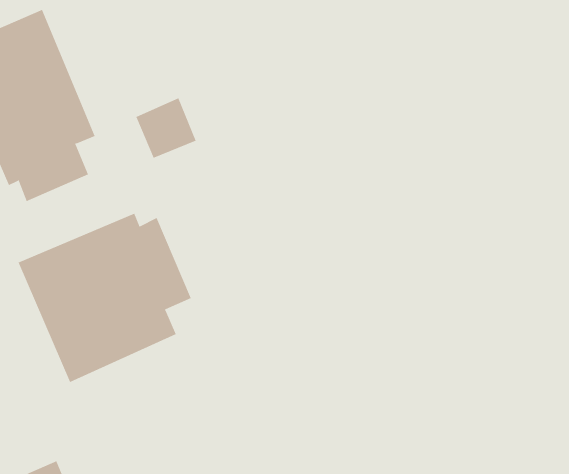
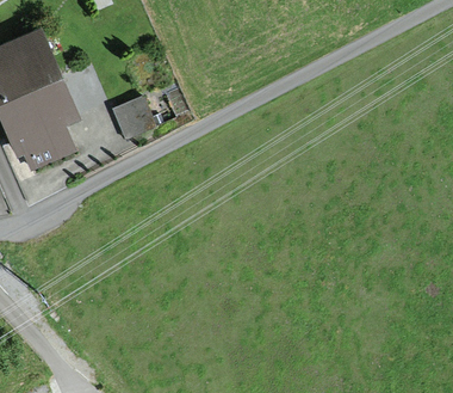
building: [18,213,191,383] -> none

